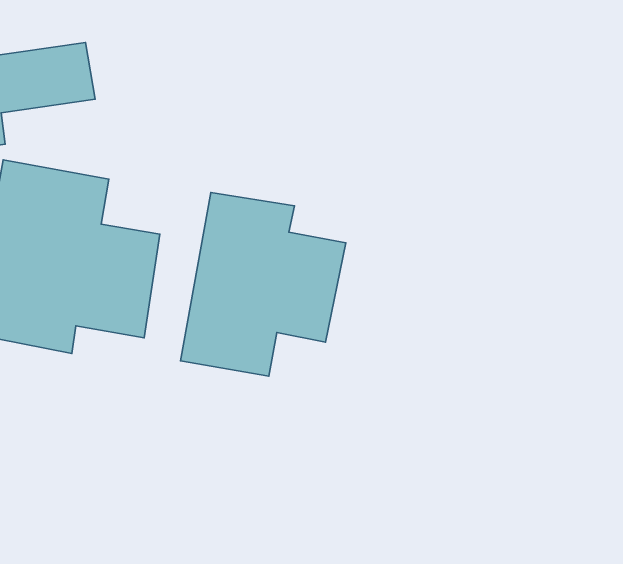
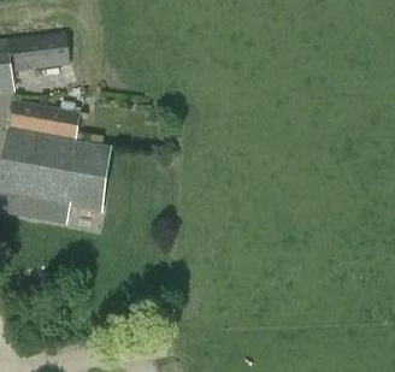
building: [181,192,346,376] -> none

